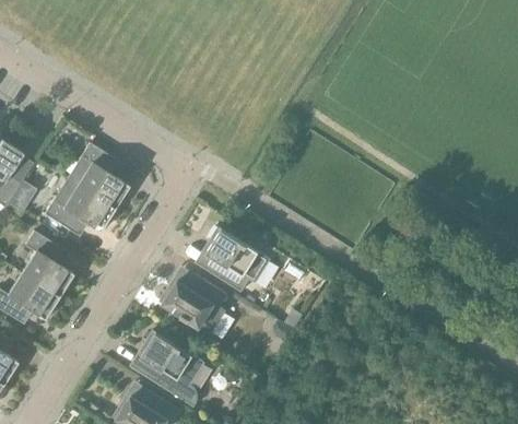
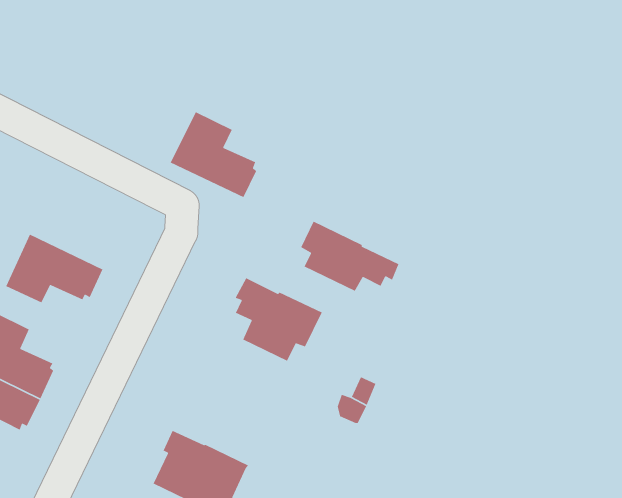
building: [66,144,128,211] -> [170,111,257,198]
building: none -> [300,220,400,292]
building: [158,276,227,337] -> none

